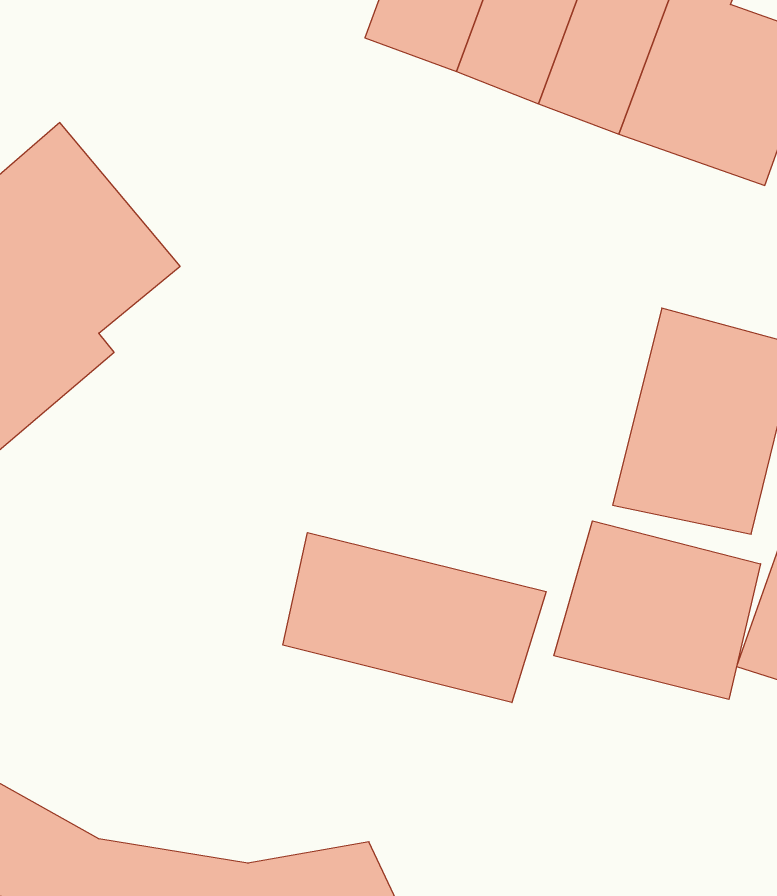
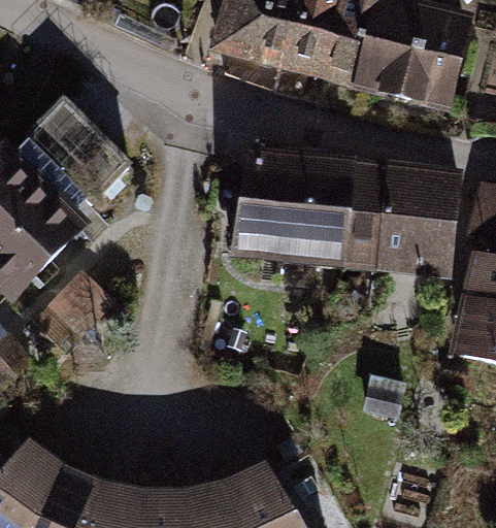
building: none -> [234,152,389,277]
building: [554,521,761,699] -> none
building: [283,533,546,703] -> none

